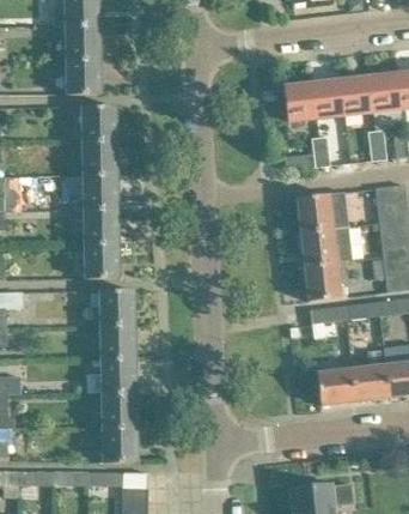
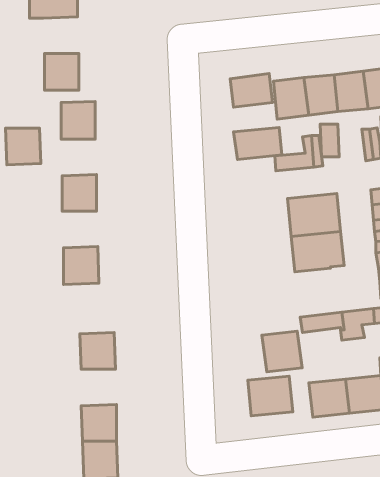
building: [66,24,99,59] -> none
building: none -> [230,73,273,107]
building: none -> [233,127,282,159]
building: [83,140,116,175] -> [5,128,41,165]
building: [84,208,117,243] -> none
building: [304,262,342,301] -> [262,331,302,372]
building: [100,289,133,325] -> none
building: [102,358,135,393] -> none
building: none -> [248,376,293,416]

